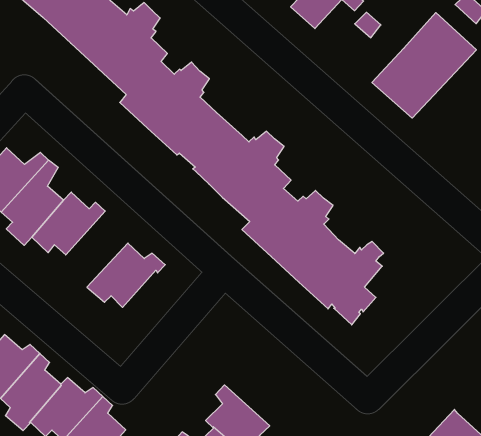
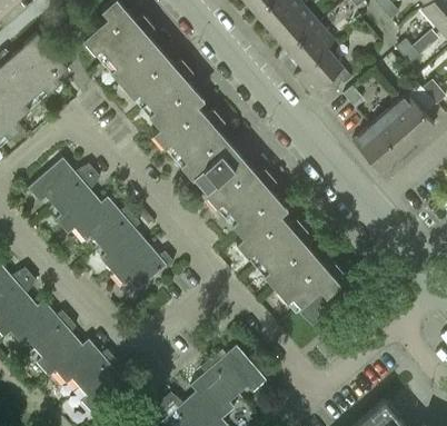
building: none -> [99,215,148,271]
building: none -> [209,346,267,395]

